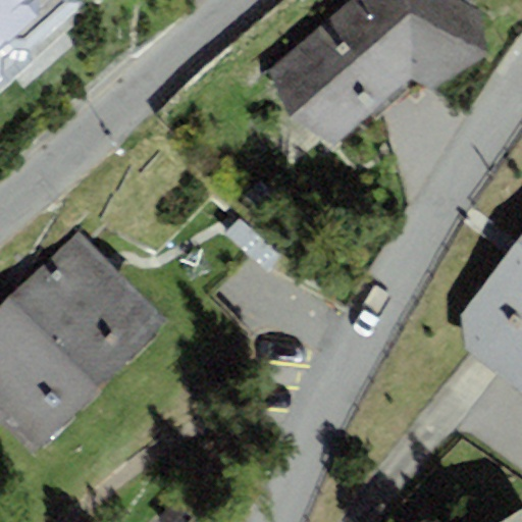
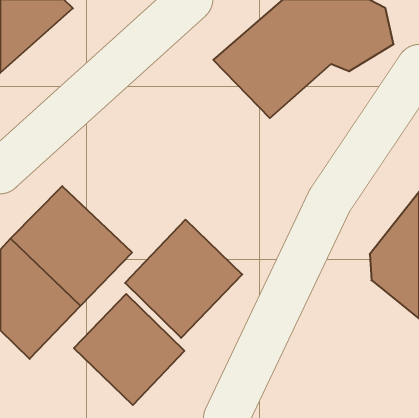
building: none -> [125,220,242,338]
building: none -> [74,294,184,405]

